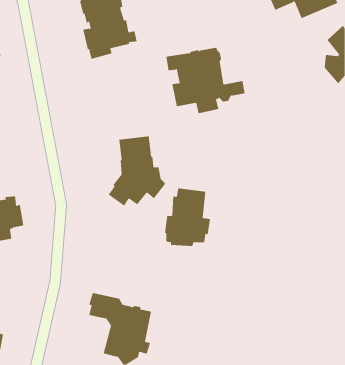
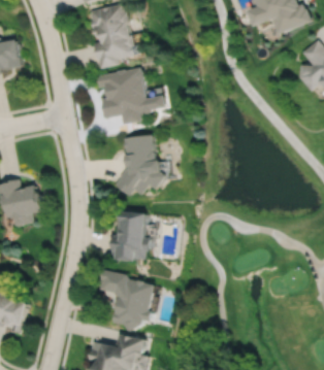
building: [166,47,246,114] -> [95,67,164,125]
building: [164,188,211,246] -> [109,212,150,263]

